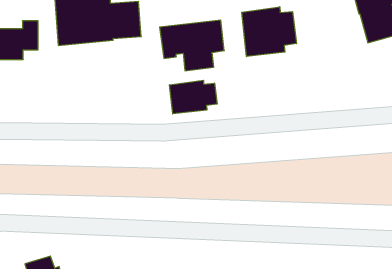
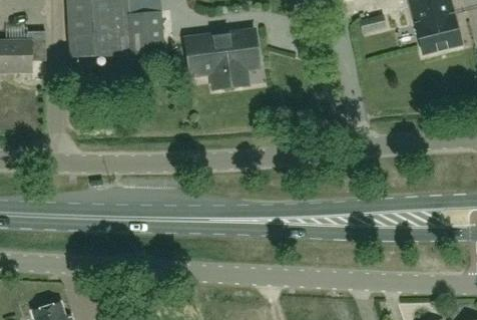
building: [242,7,296,57] -> none
building: [170,80,217,114] -> none

